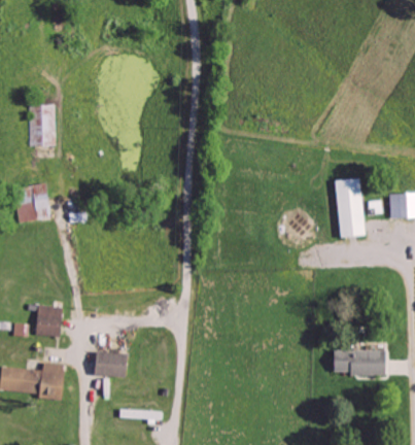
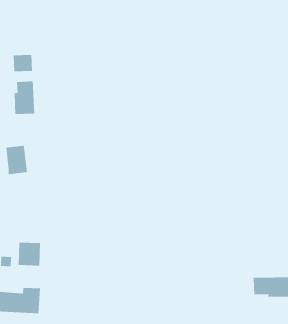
building: none -> [13,54,32,72]
building: [335,177,364,237] -> none
building: [94,352,124,377] -> none

